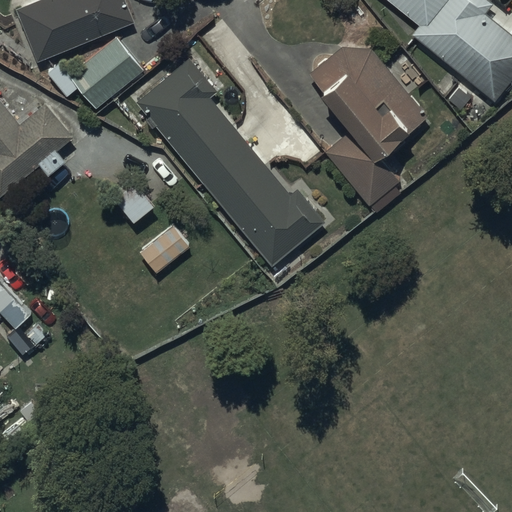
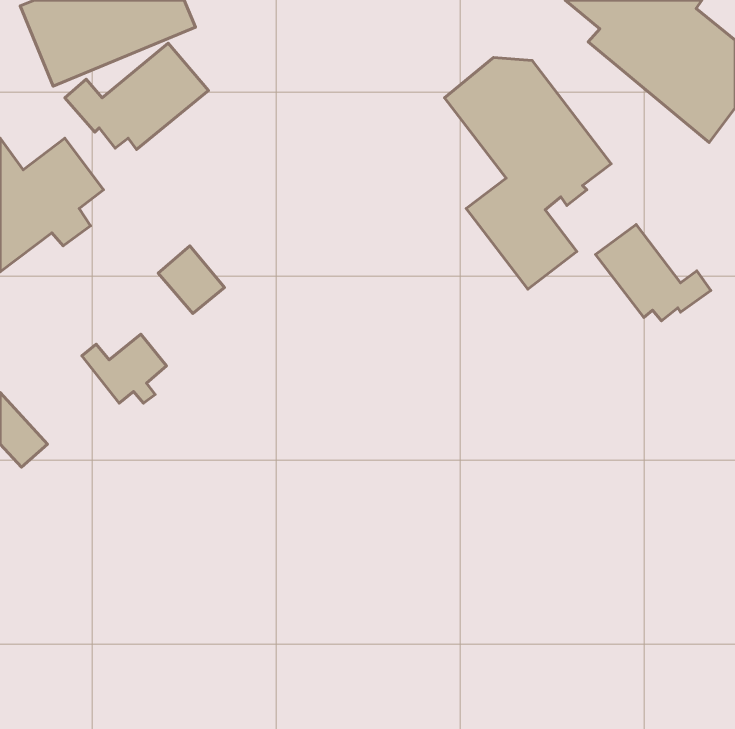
building: [136,55,327,266] -> none
building: none -> [595,224,711,321]
building: [131,224,190,272] -> [82,334,167,403]

